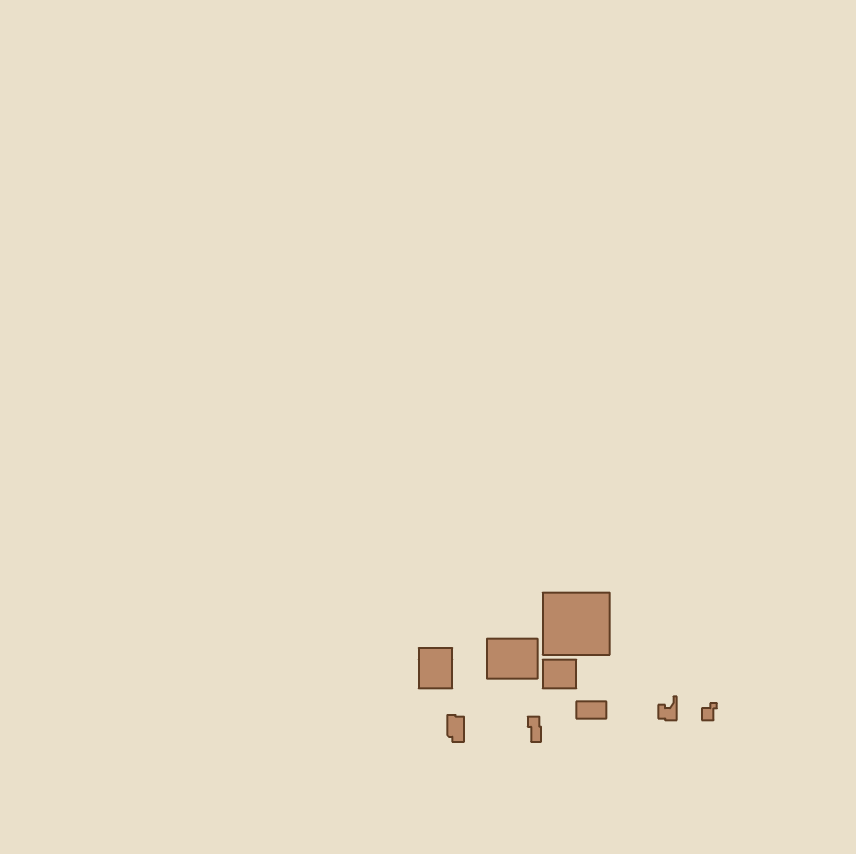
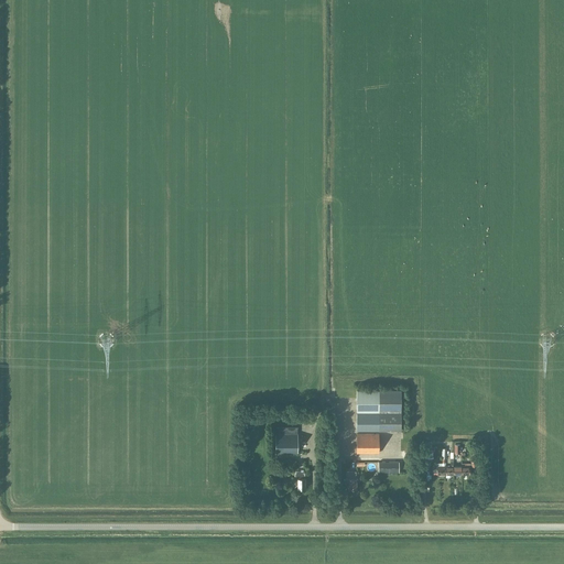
building: [487,639,537,679] -> none

